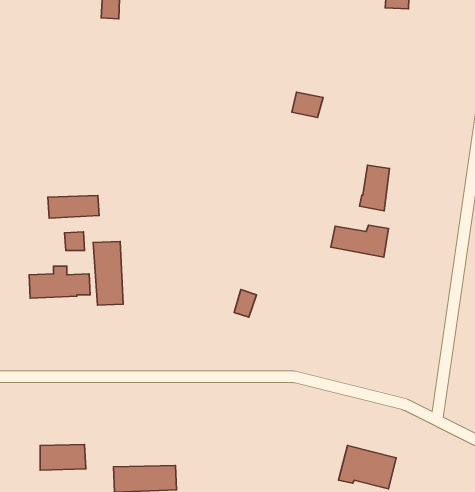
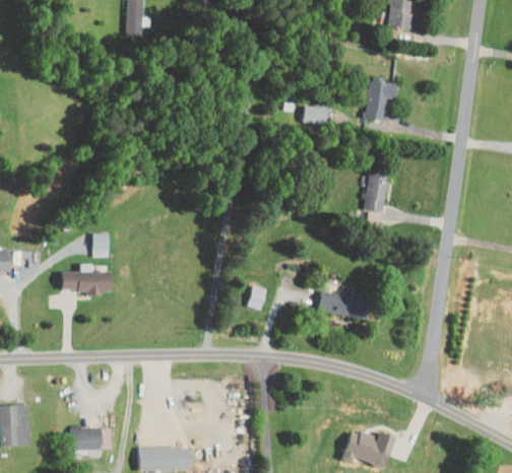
building: none -> [366,81,397,121]
building: [48,196,99,218] -> none
building: [331,225,388,257] -> [318,290,371,320]
building: [93,242,123,305] -> none

